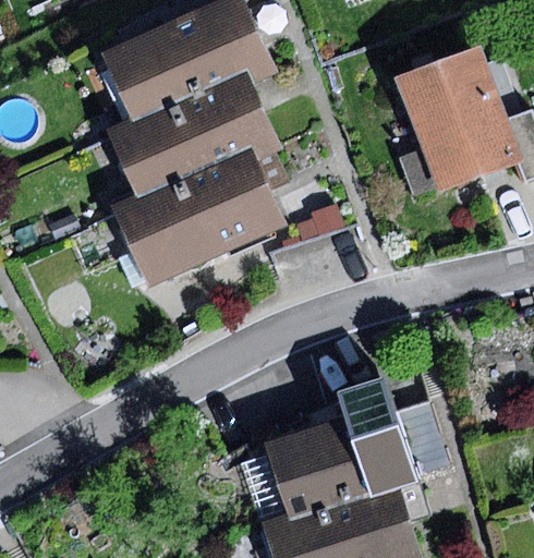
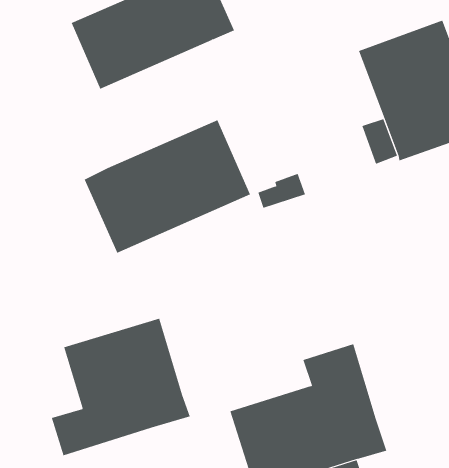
building: [109,69,277,198] -> none
building: none -> [51,318,190,456]

